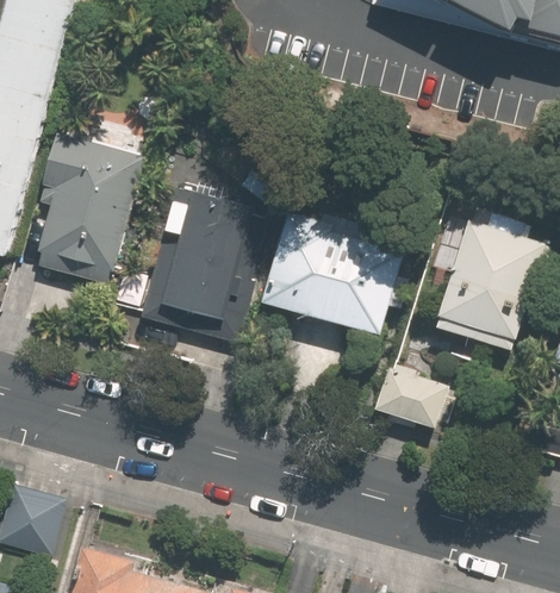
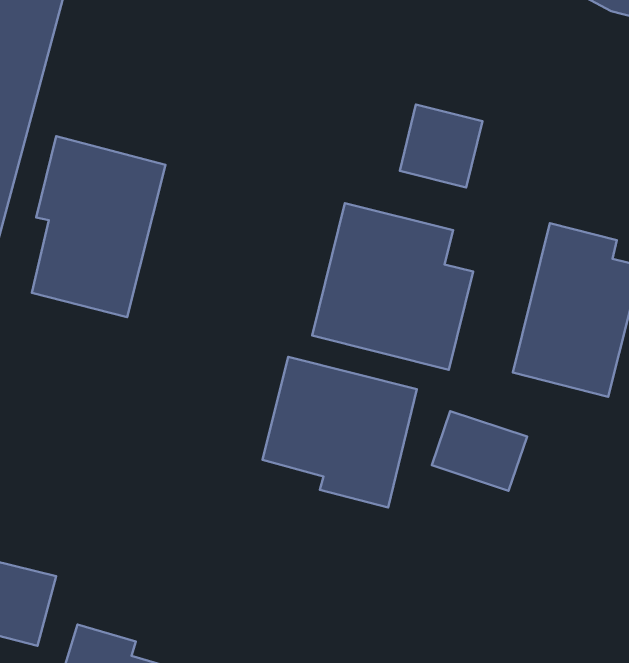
building: none -> [400,105,482,188]
building: [135,180,265,344] -> none
building: none -> [263,357,417,508]

